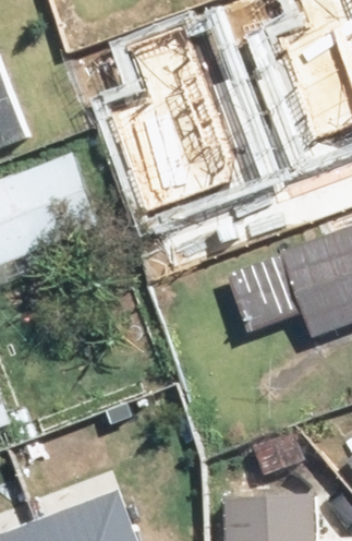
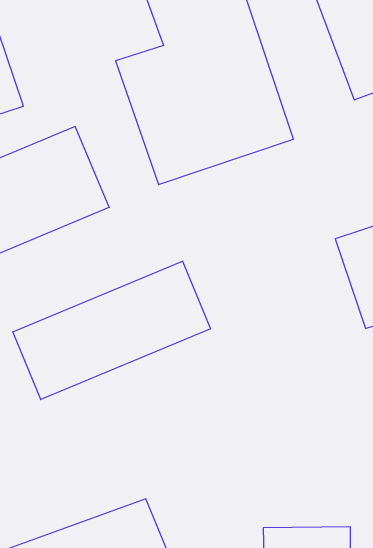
building: none -> [13,261,210,400]

